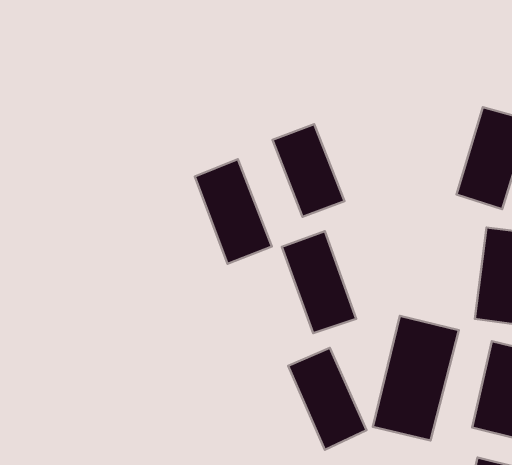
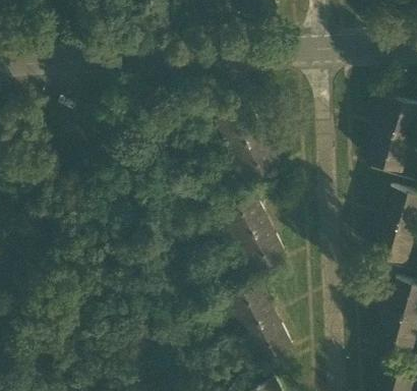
building: [195,159,272,264] -> none
building: [373,316,459,440] -> none

